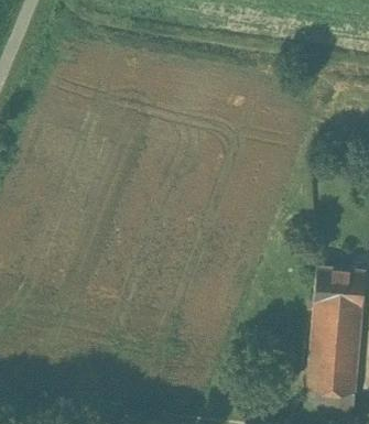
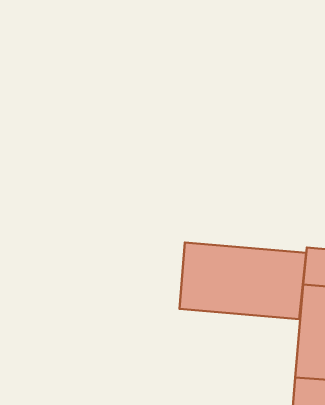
building: none -> [179,242,306,319]

